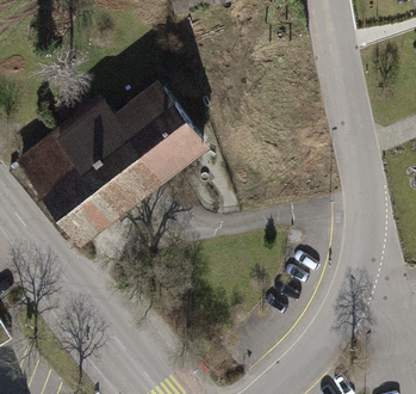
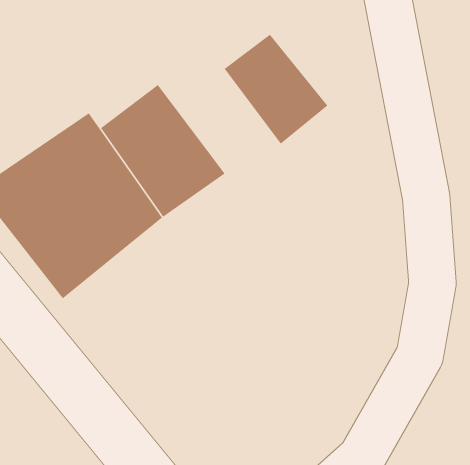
building: none -> [224,34,328,144]

